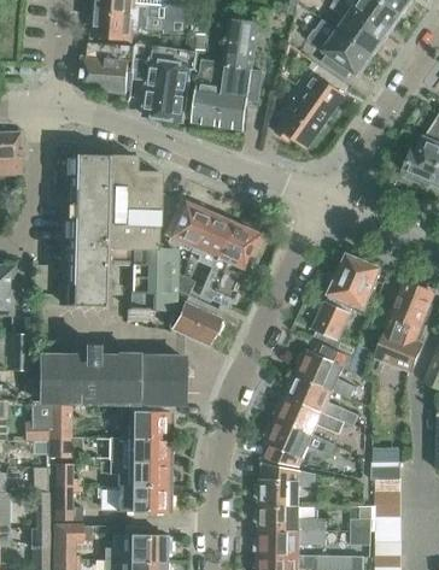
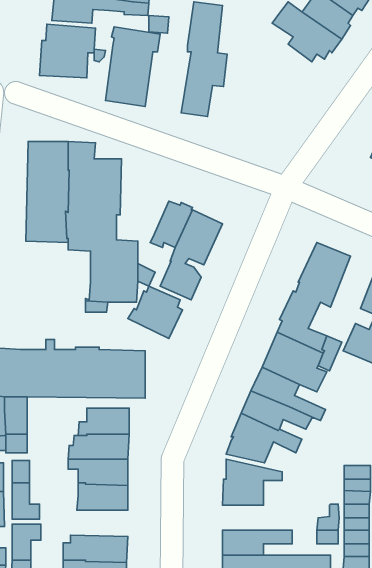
building: [195,59,228,127] -> none
building: [276,60,349,148] -> none
building: [164,200,206,247] -> none
building: [66,251,109,306] -> none
building: [258,506,326,530] -> none

